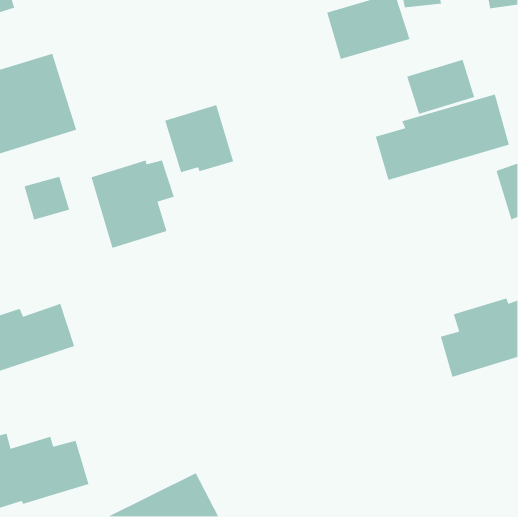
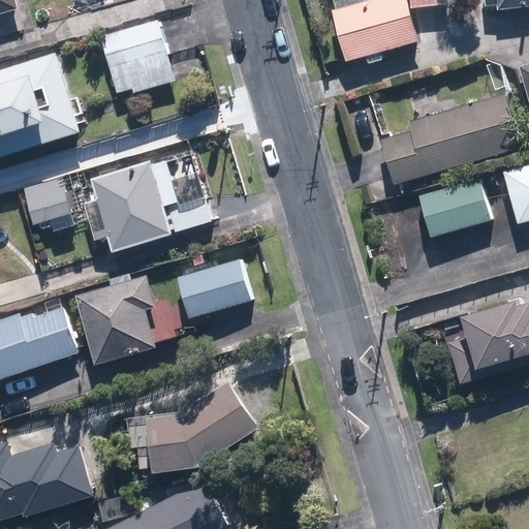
building: [406,59,475,115] -> [419,179,490,236]
building: [164,104,234,173] -> [101,21,173,91]
building: none -> [178,261,250,318]
building: none -> [79,278,156,364]
building: none -> [147,383,257,472]

